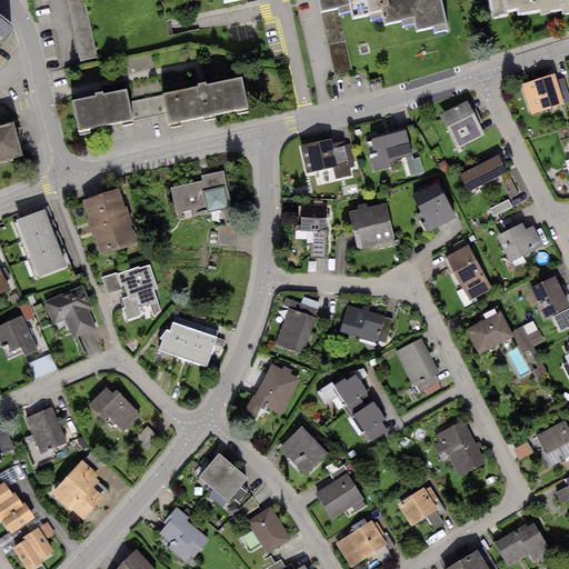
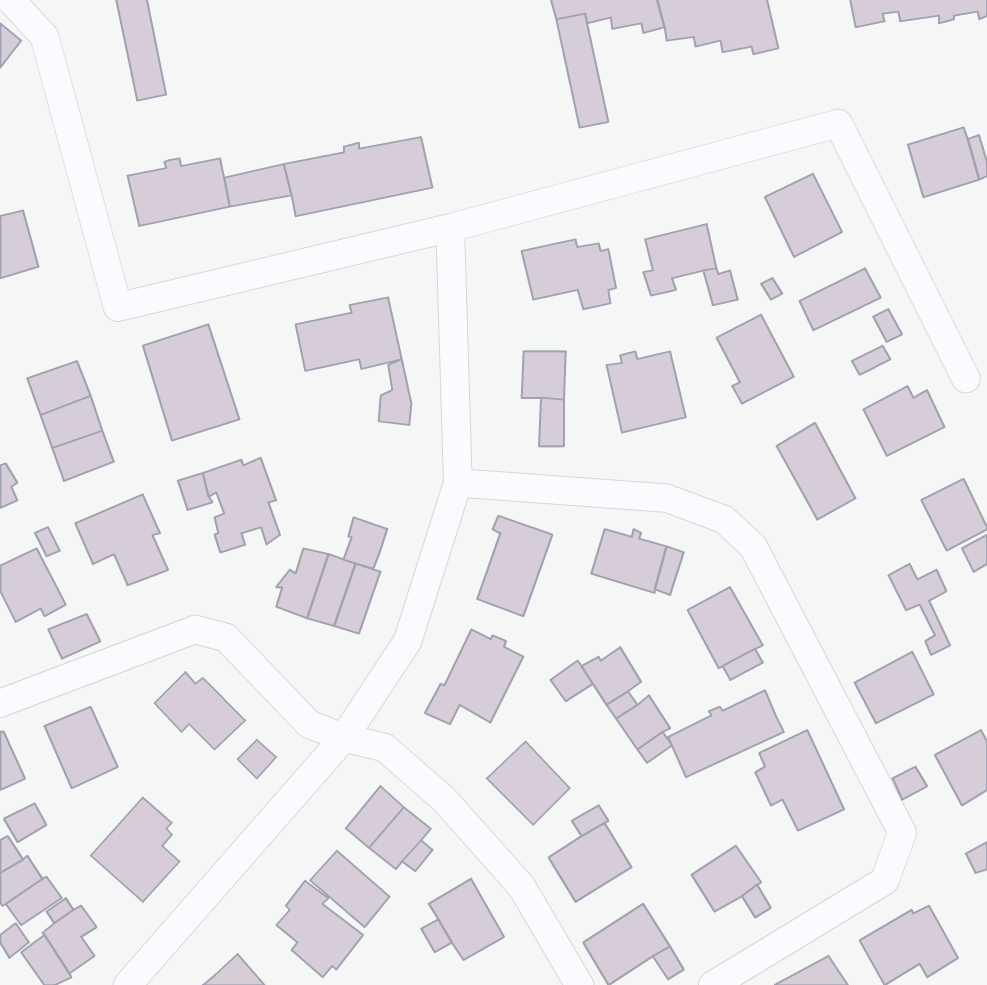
building: none -> [343,517,387,569]
building: [468,311,513,352] -> [855,652,934,723]
building: none -> [668,690,784,777]
building: none -> [310,851,390,927]

